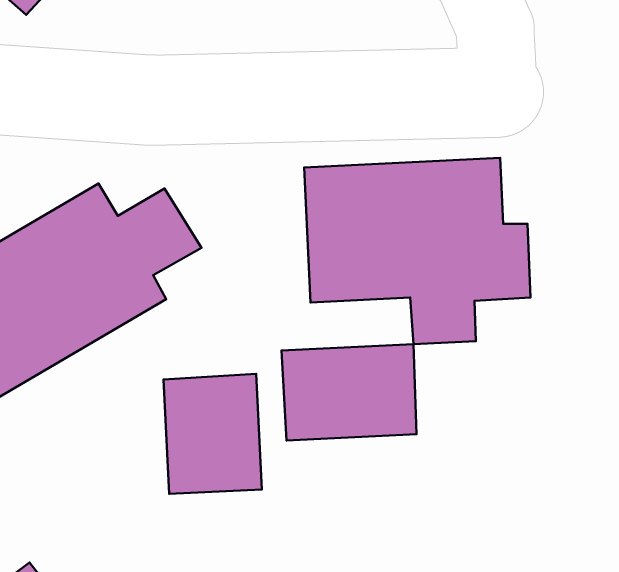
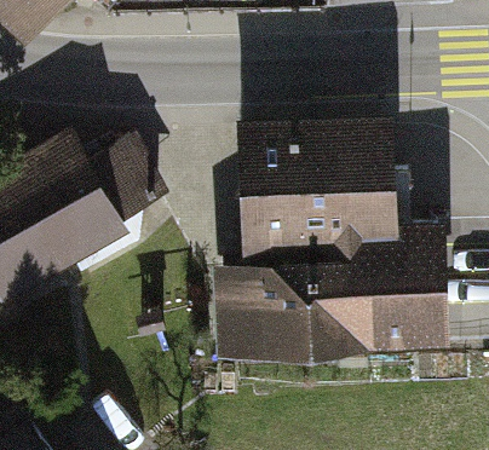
building: none -> [321,227,439,331]
building: [164,374,262,494] -> none

